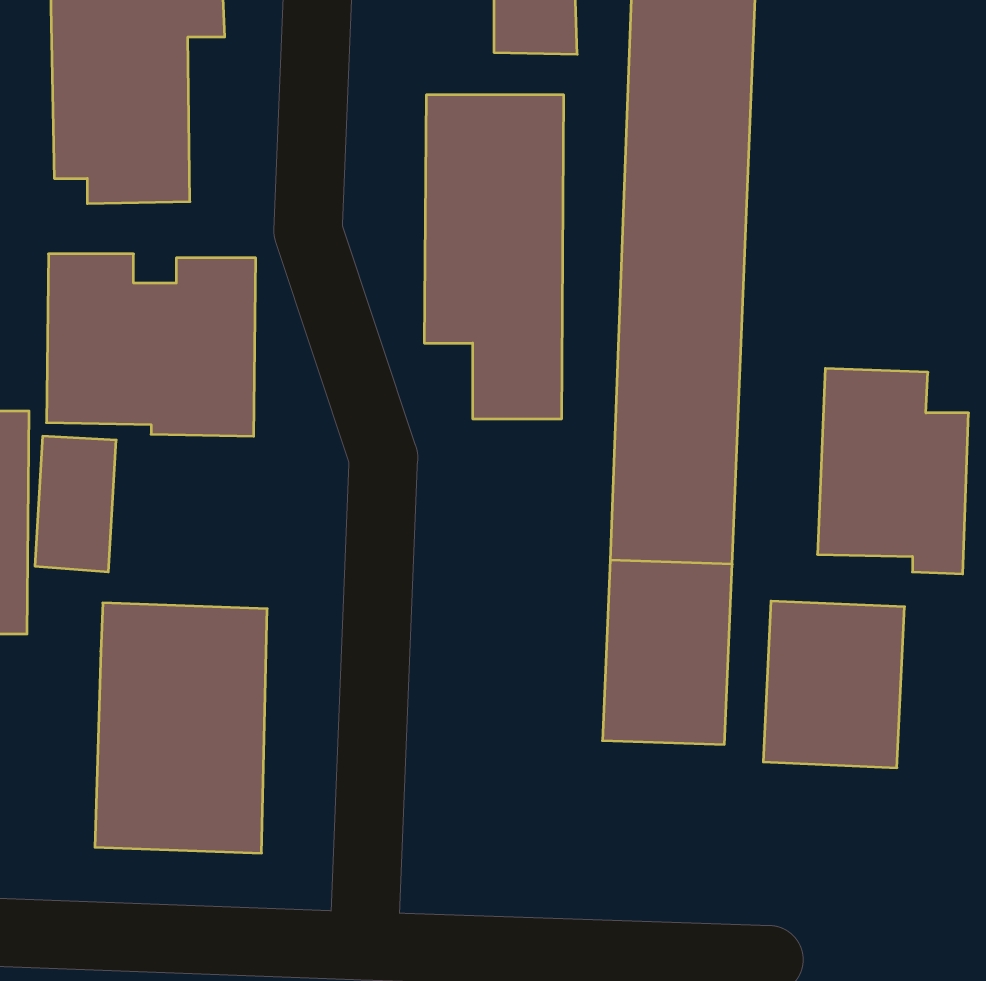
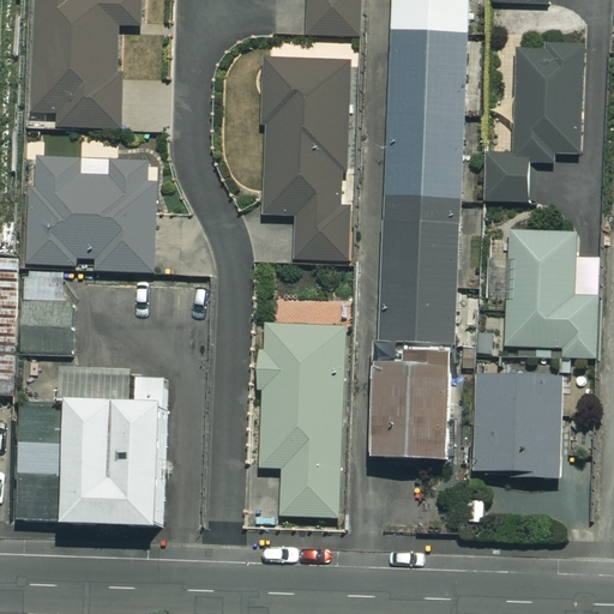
building: none -> [484,44,596,203]
building: none -> [259,323,345,516]
building: none -> [17,402,62,524]

